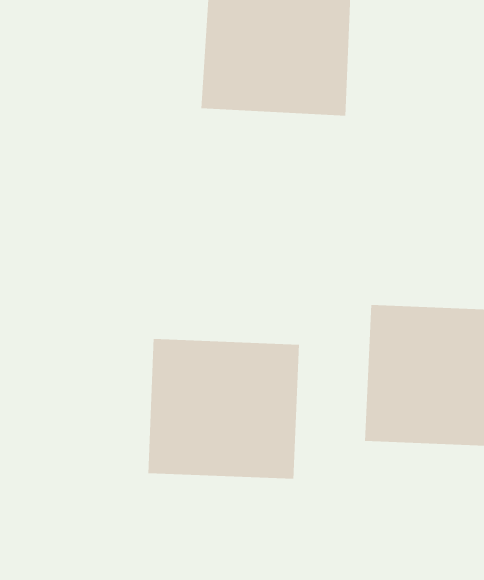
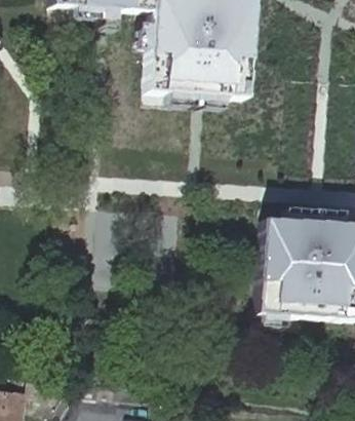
building: [148,338,300,480] -> none

